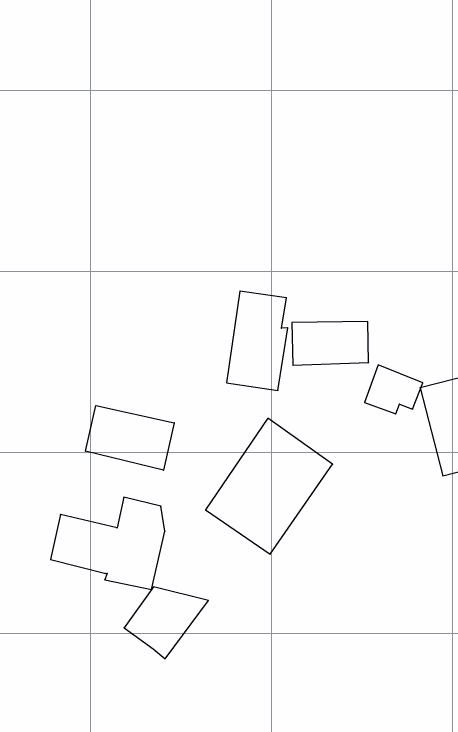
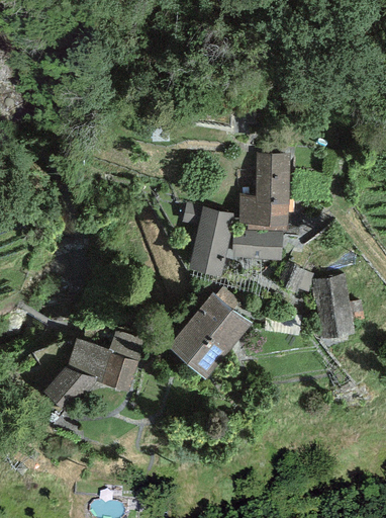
building: none -> [239,153,290,229]
building: [86,406,174,470] -> none
building: [124,587,208,659] -> [44,366,100,413]

